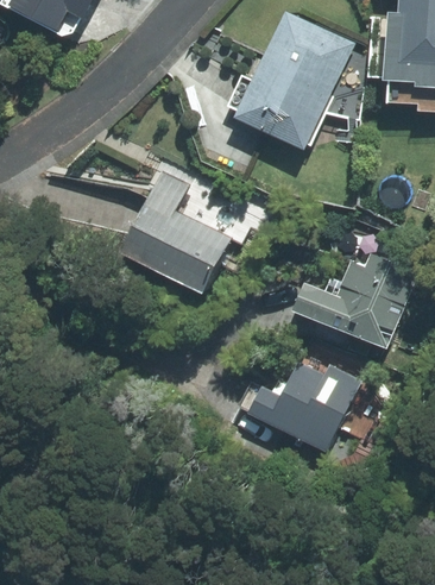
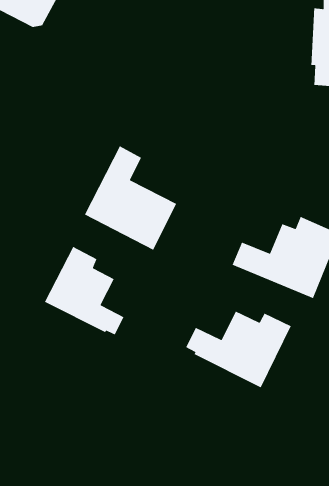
building: [228,11,353,147] -> none
building: none -> [44,246,125,335]

